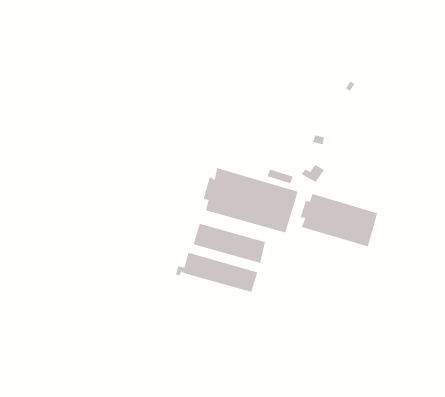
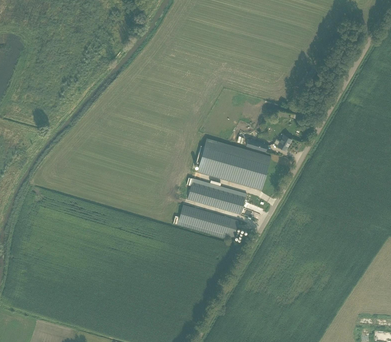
building: [300,193,378,247] -> none

